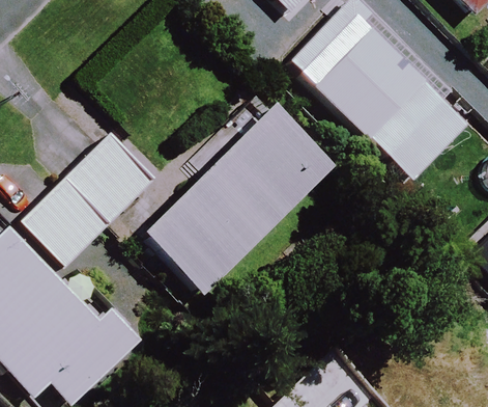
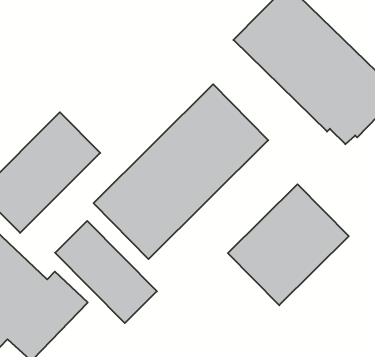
building: none -> [228,184,349,305]
building: none -> [55,221,157,323]

